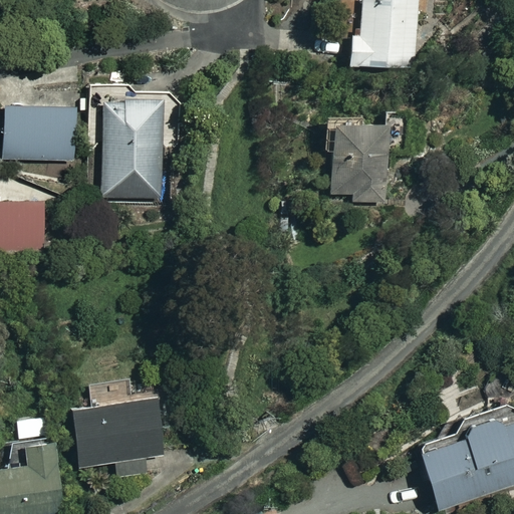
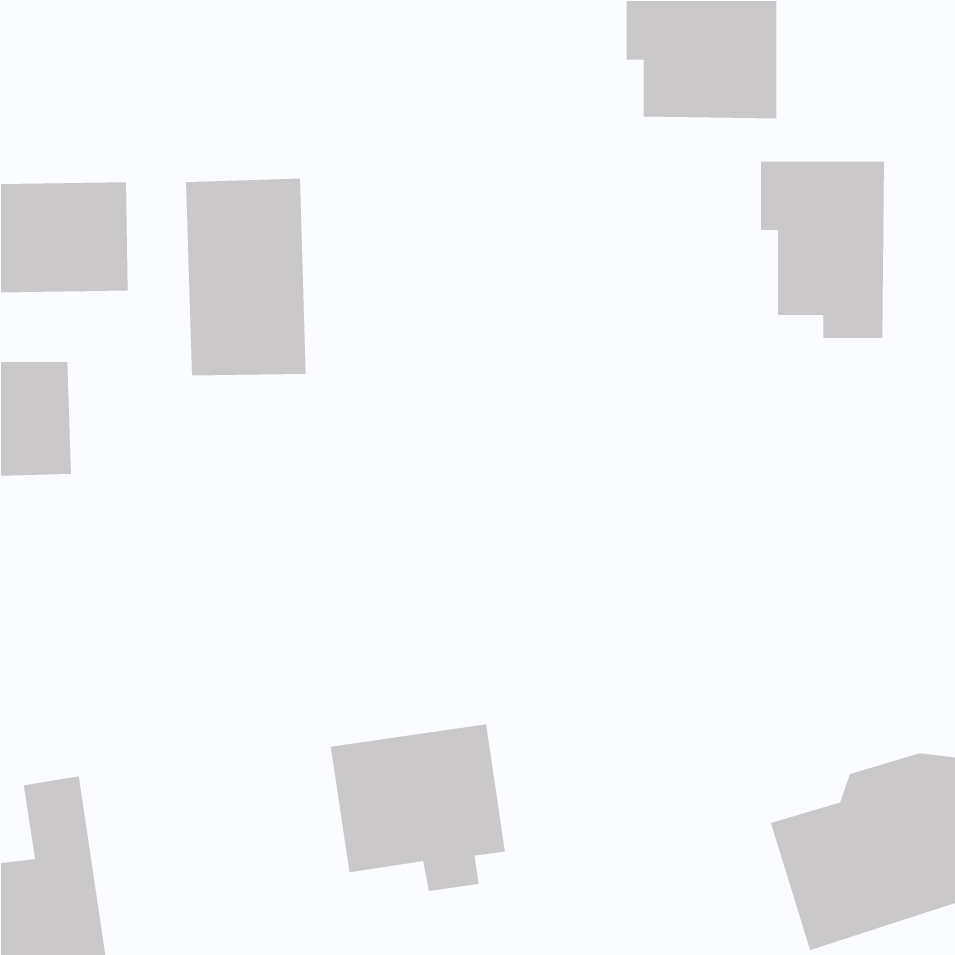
building: [322,110,389,205] -> [760,161,885,339]
building: [67,388,161,477] -> [330,724,506,892]

